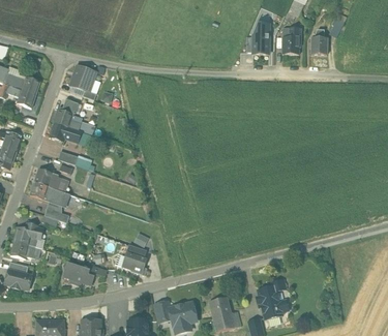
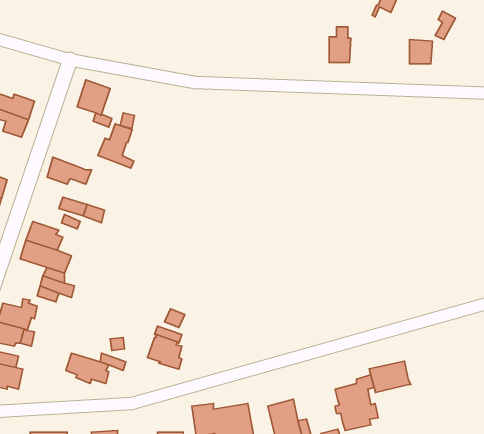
building: [282,27,301,54] -> none
building: [54,98,80,130] -> [98,124,134,168]
building: none -> [369,361,411,392]

